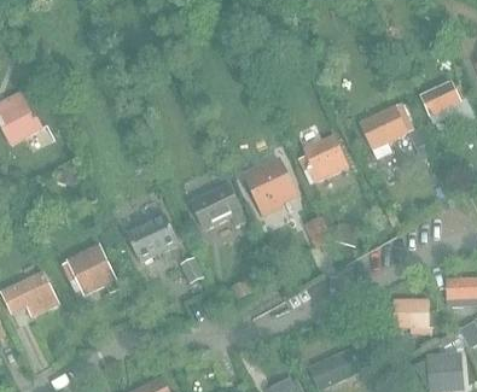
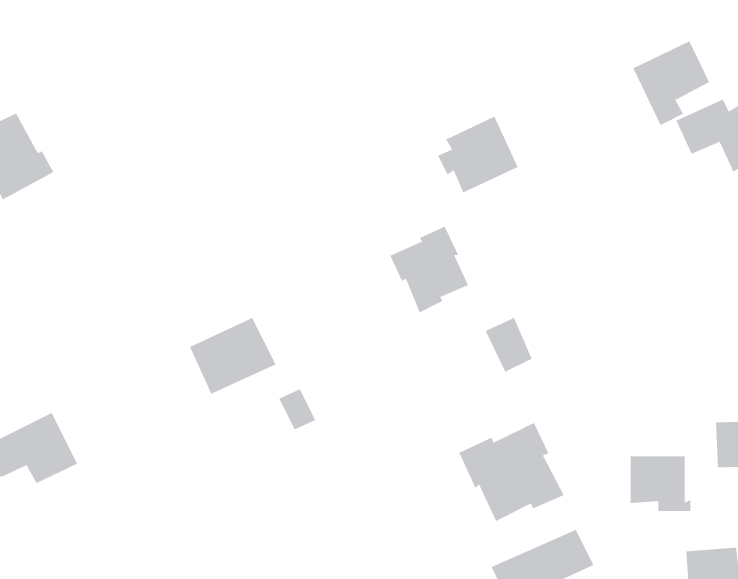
building: [360,106,407,158] -> [632,41,710,126]
building: [298,135,348,182] -> [437,116,519,193]
building: [191,185,246,229] -> none
building: [62,246,120,294] -> none
building: none -> [458,422,565,522]

